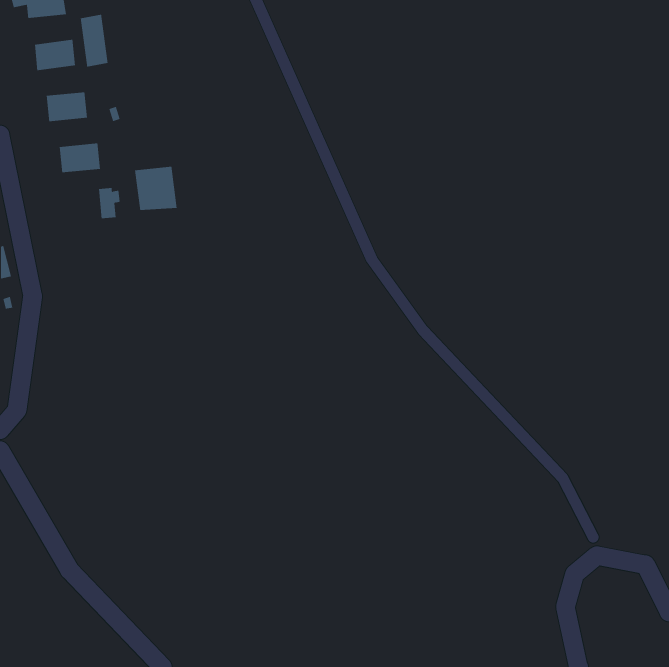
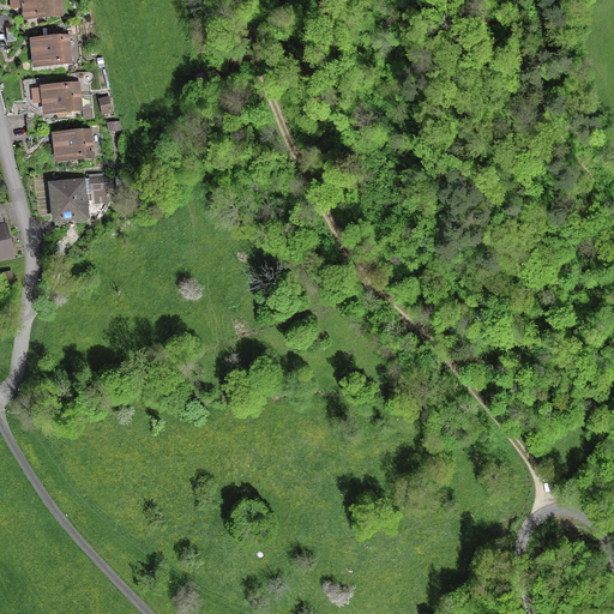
building: [80,14,108,67] -> none
building: [134,166,178,211] -> [49,176,89,217]

